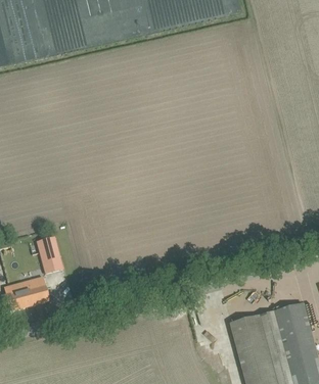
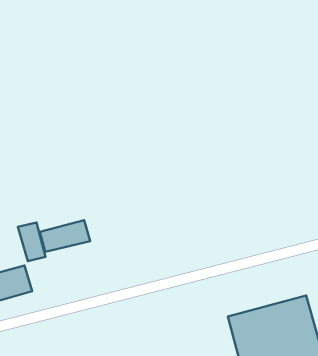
building: none -> [40,220,90,252]

